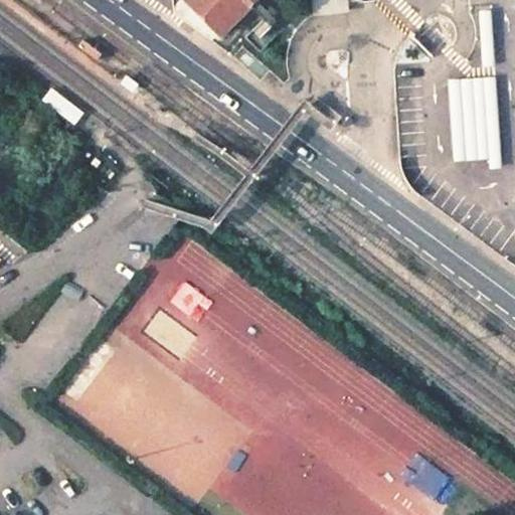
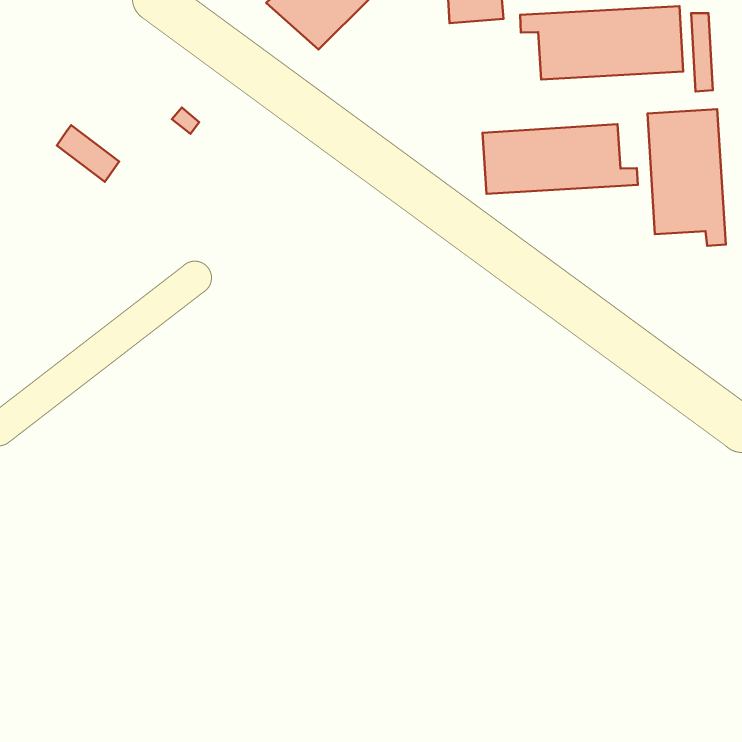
building: none -> [520,6,683,80]
building: none -> [483,124,638,194]

